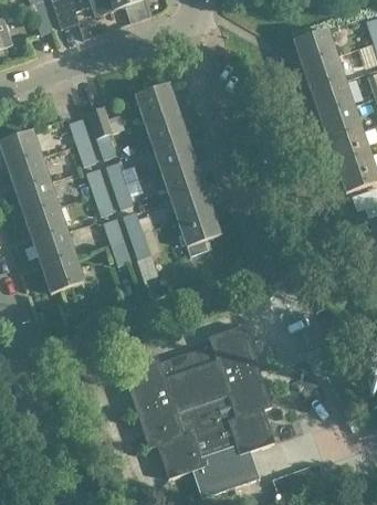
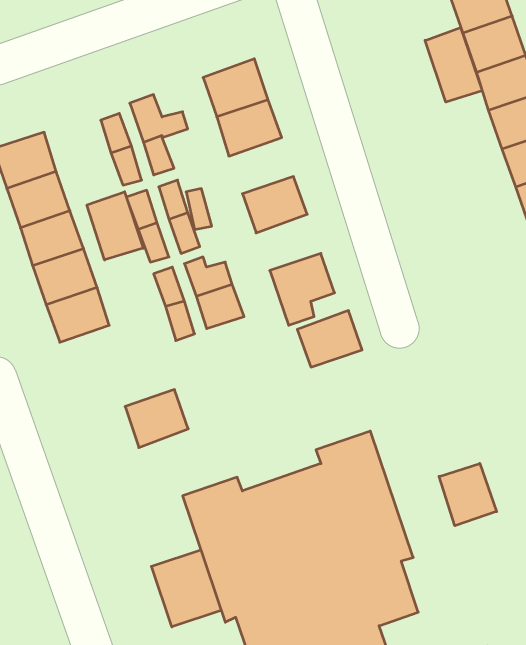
building: none -> [425,28,482,102]
building: [153,135,195,171] -> none
building: none -> [87,192,143,260]
building: [170,185,212,221] -> [297,311,362,367]
building: [43,256,84,294] -> [125,390,188,448]
building: none -> [439,463,497,526]
building: none -> [151,550,221,627]

